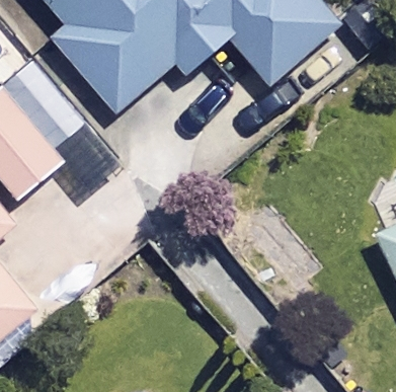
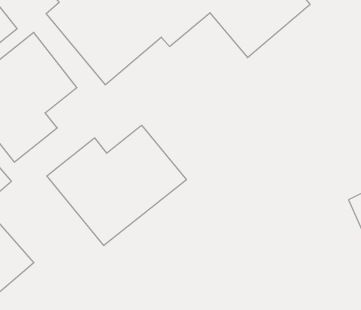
building: none -> [47,125,186,246]

